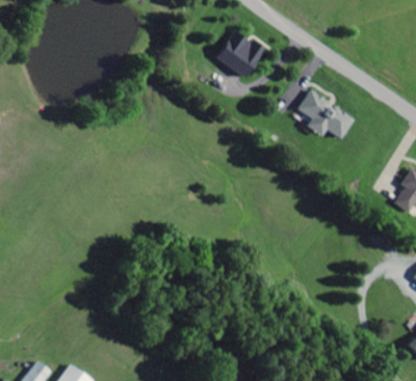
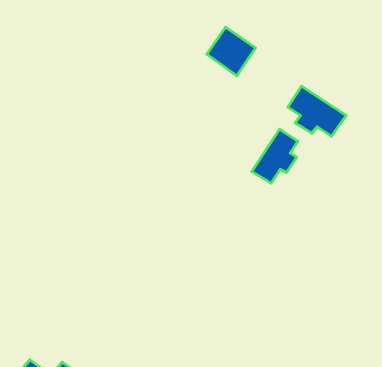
building: none -> [252,129,298,183]

